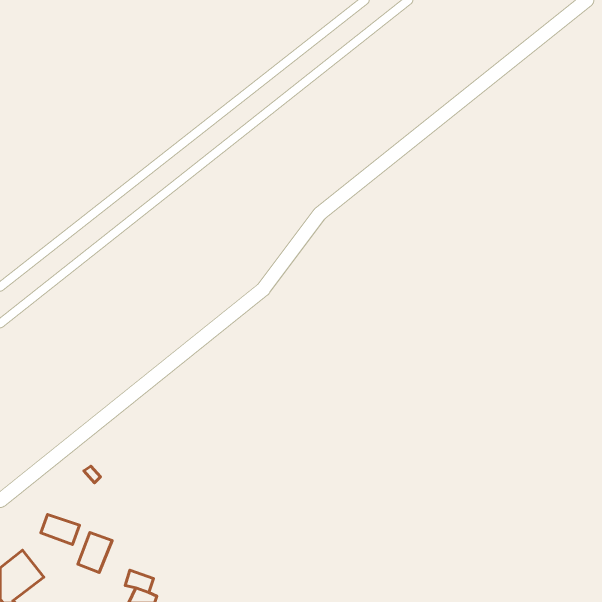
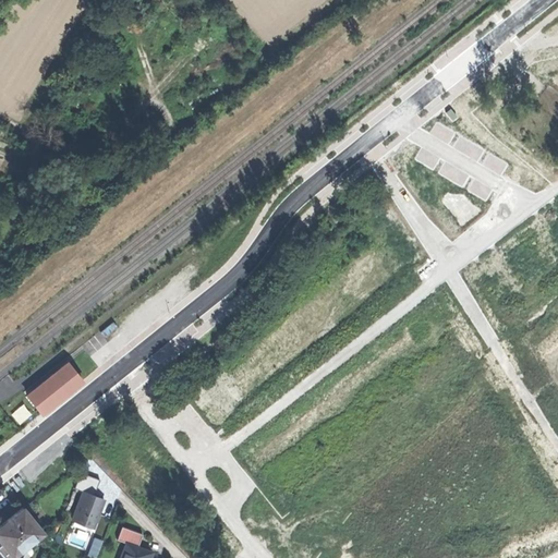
building: none -> [31,361,85,411]
building: [41,514,80,545] -> none

